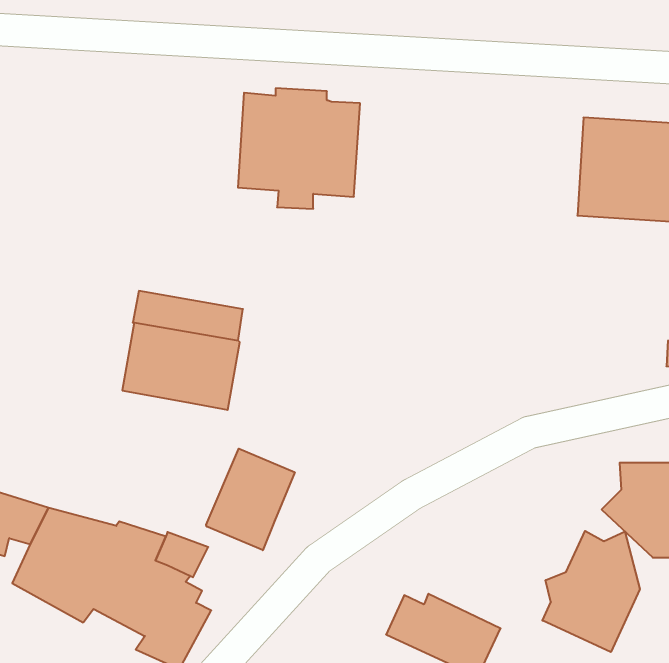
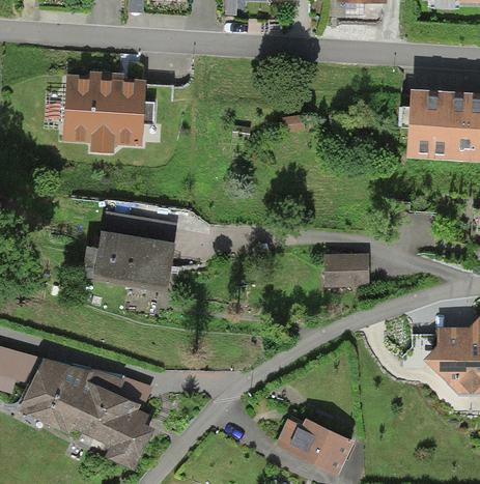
building: [238,88,360,209] -> [62,70,146,153]
building: none -> [322,252,369,283]
building: [206,449,295,550] -> none
building: [542,531,640,652] -> none

